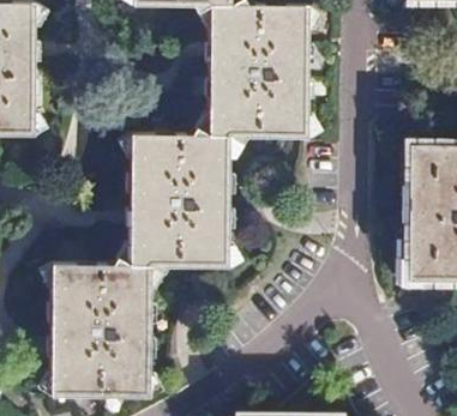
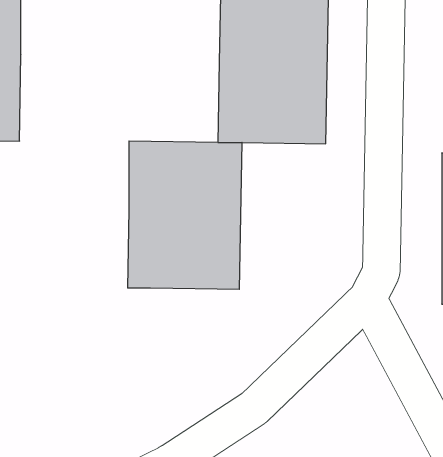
building: [52,261,150,393] -> none

